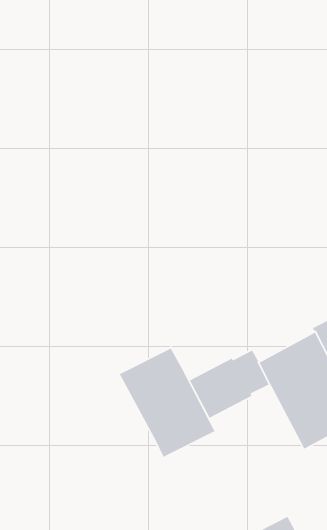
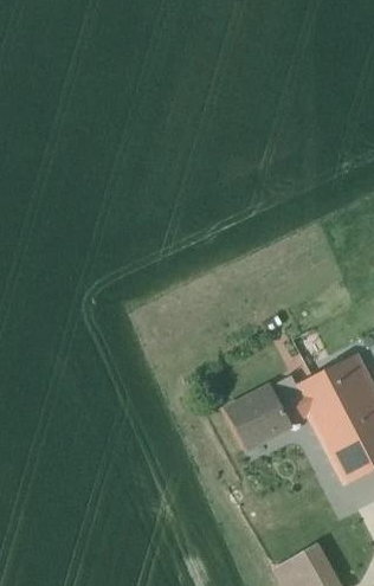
building: [119,347,216,459] -> none

